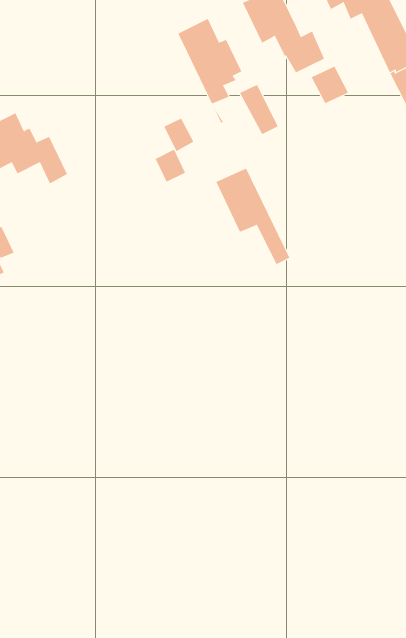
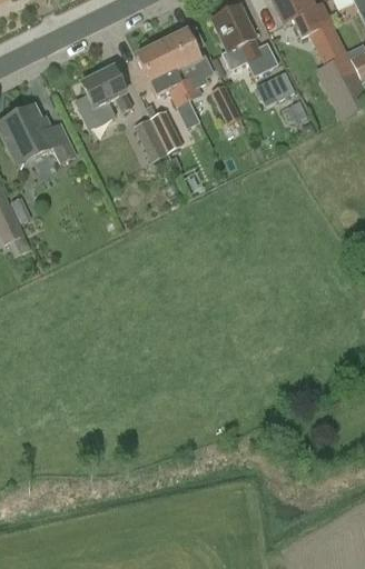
building: none -> [75,67,132,126]
building: [216,168,290,265] -> [136,42,195,119]

